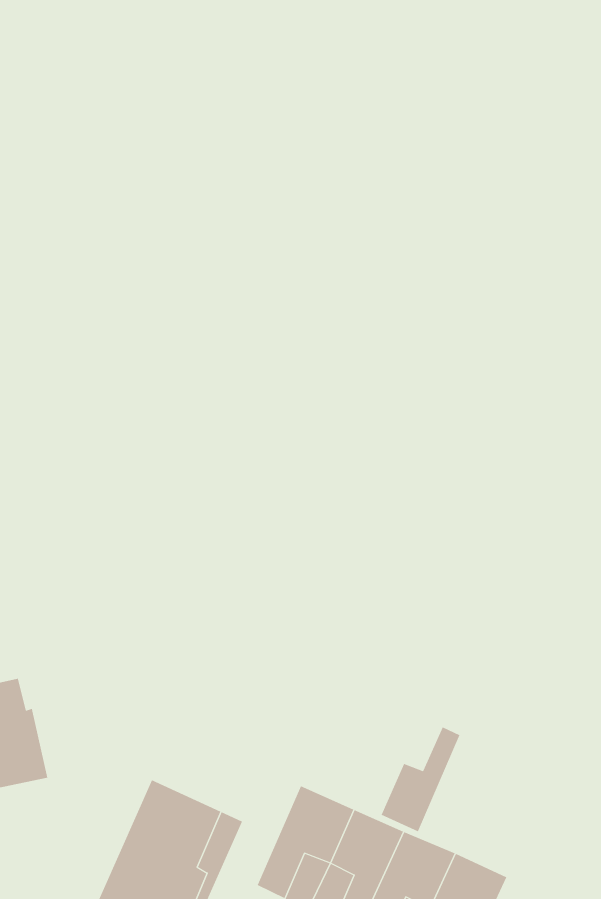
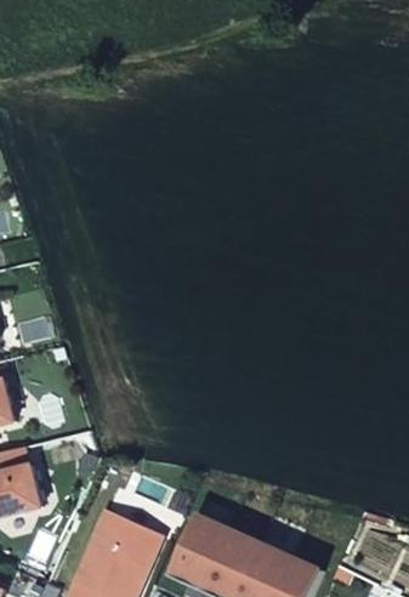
building: [381,726,460,832] -> none

